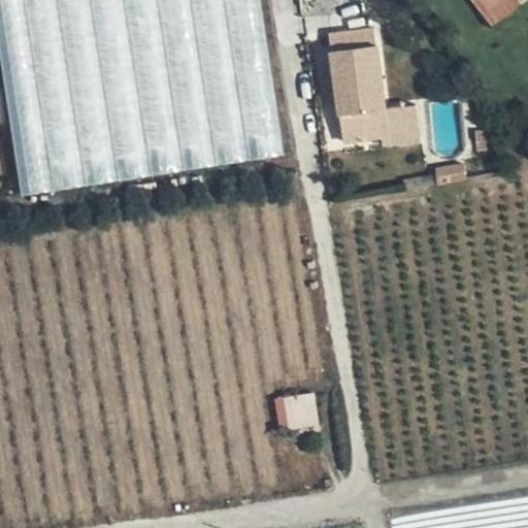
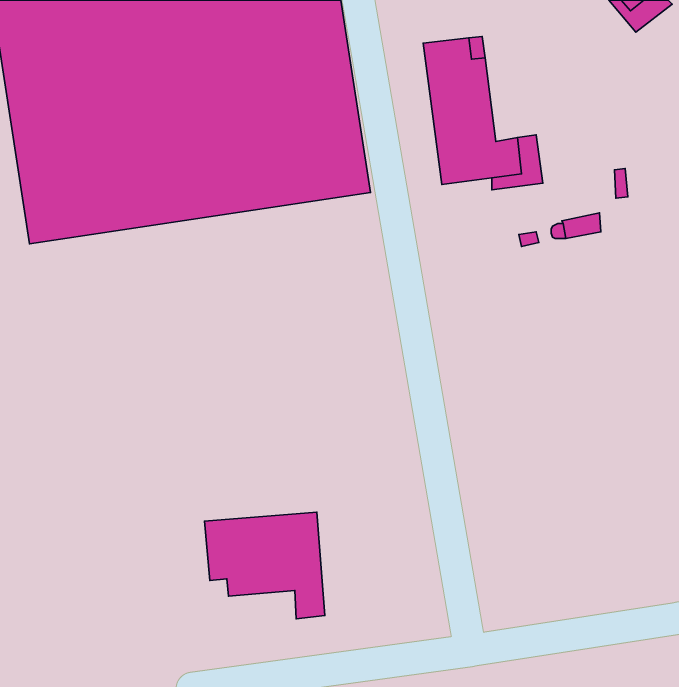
building: [274,392,316,429] -> none
building: none -> [204,512,325,619]

